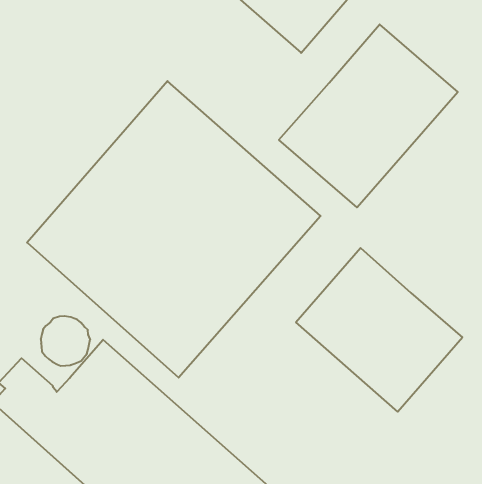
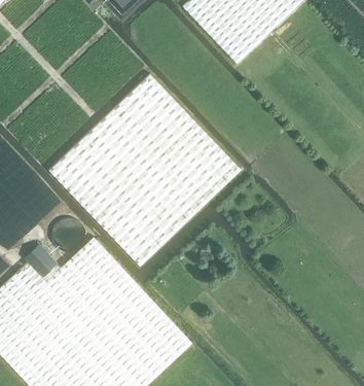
building: [279,24,458,207] -> none
building: [296,248,462,412] -> none

